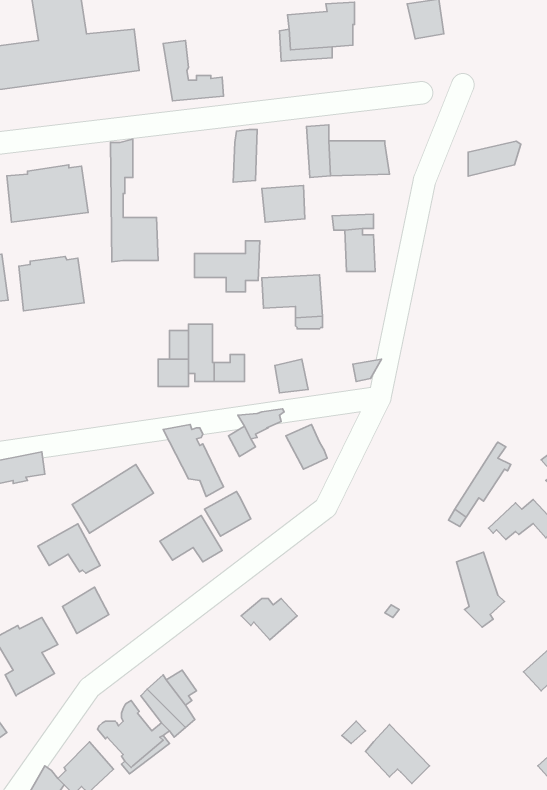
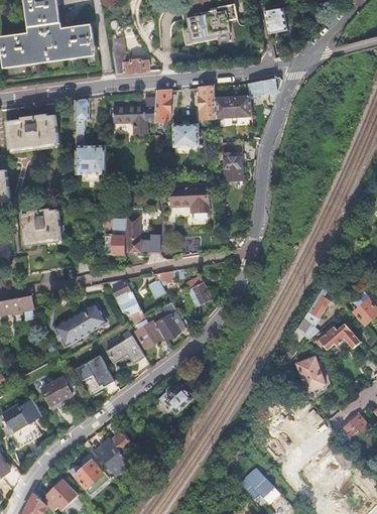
building: [468,141,521,176] -> [249,78,282,100]
building: [194,241,260,292] -> [113,99,154,131]
building: [19,256,84,311] -> [22,209,64,243]
building: none -> [157,310,187,340]
building: [38,524,100,573] -> [76,354,115,385]

